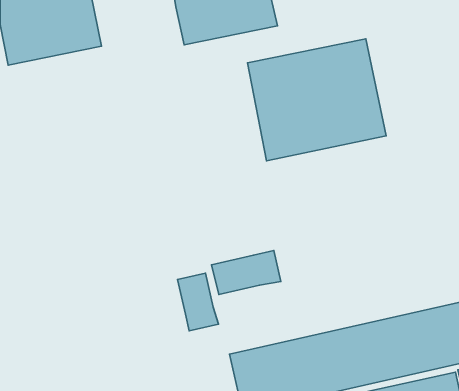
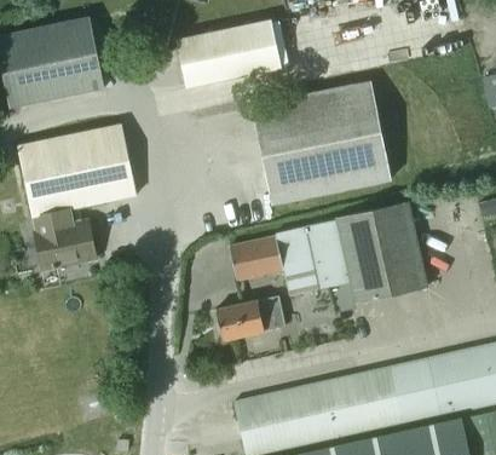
building: none -> [17,125,135,275]
building: none -> [230,201,427,307]
building: [177,273,218,331] -> none

